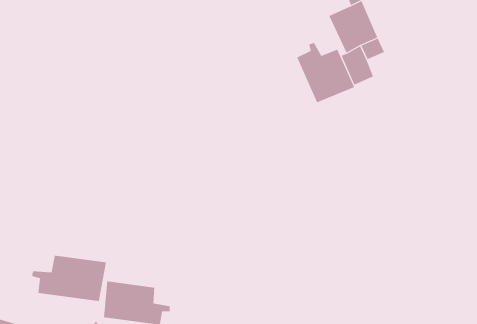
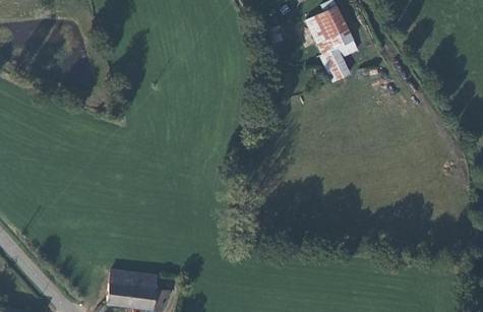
building: [296,42,355,103] -> none
building: [31,255,106,302] -> none

